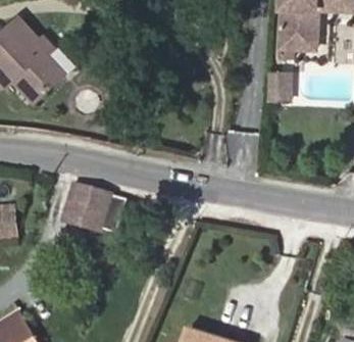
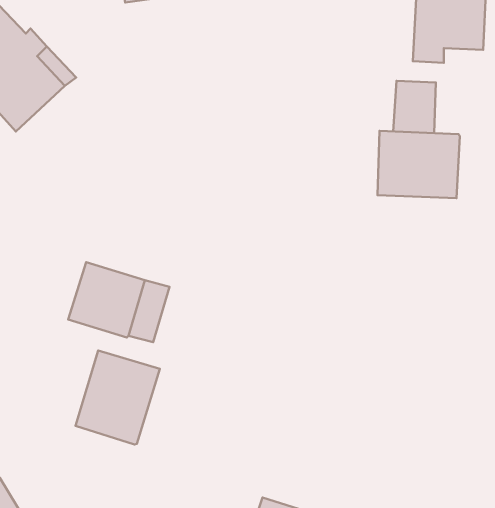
building: none -> [378,131,460,198]
building: none -> [75,351,160,445]

